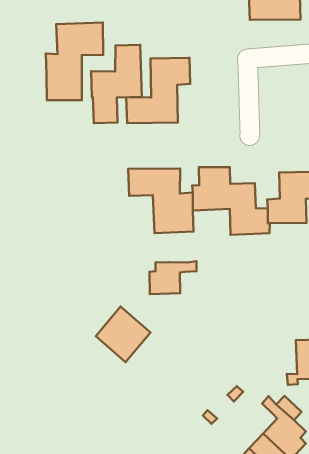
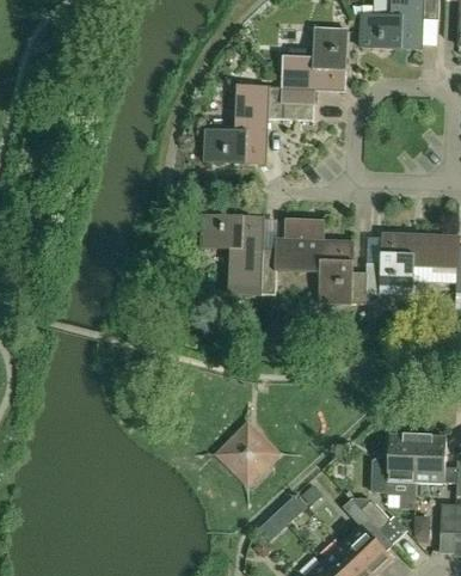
building: [46,23,103,100] -> none
building: [91,45,142,123] -> [283,26,345,118]
building: [149,261,197,294] -> none
building: [96,306,150,362] -> [215,419,281,486]

